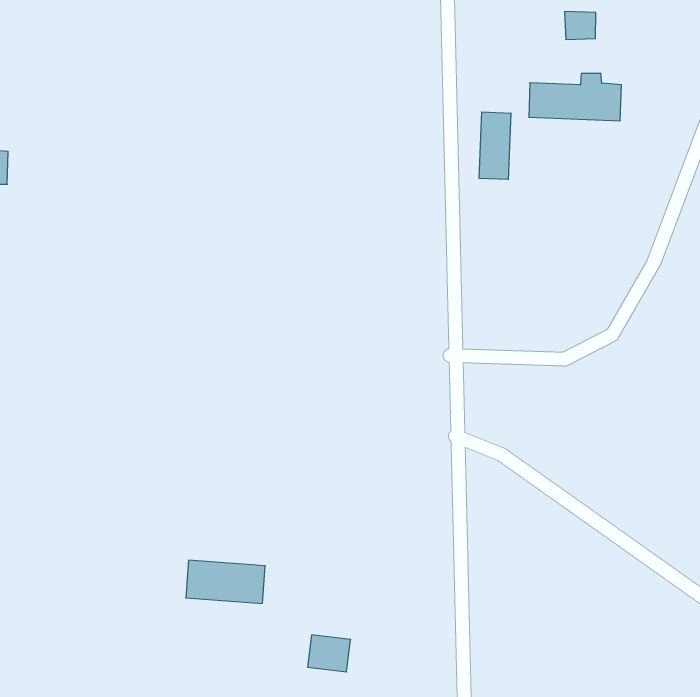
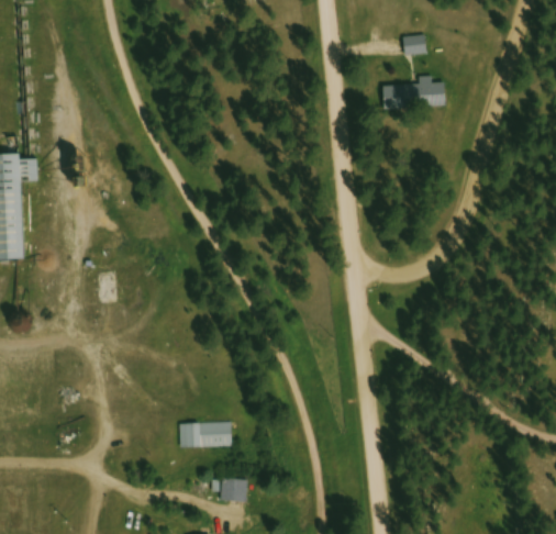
building: [479,112,511,180] -> none
building: [308,635,351,672] -> [219,478,246,501]

